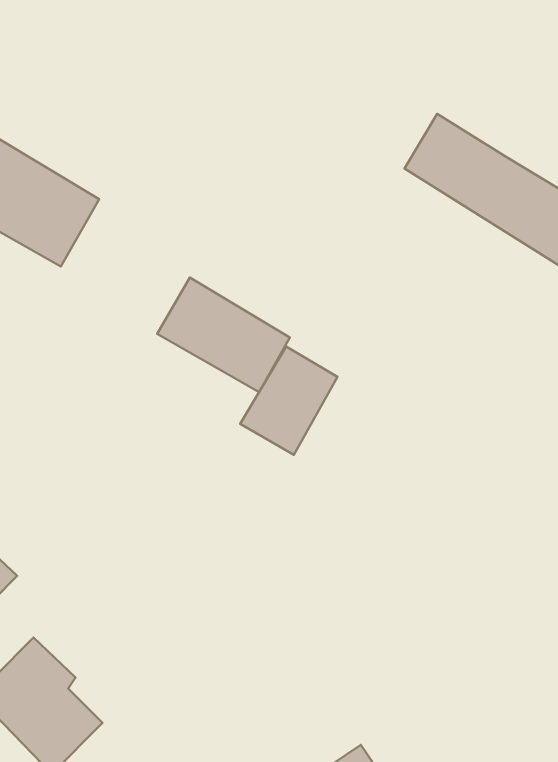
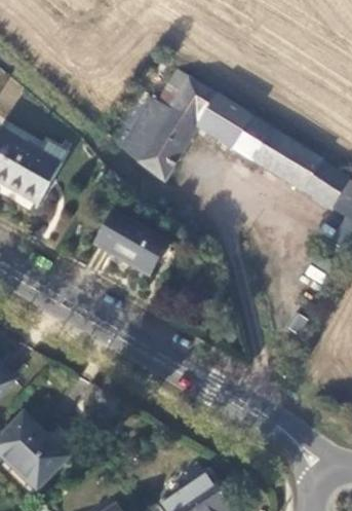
building: none -> [121,70,250,181]
building: [240,346,337,455] -> none

